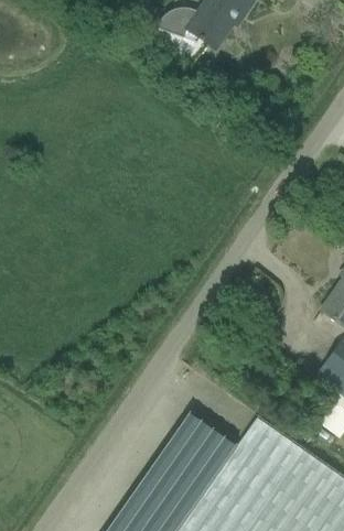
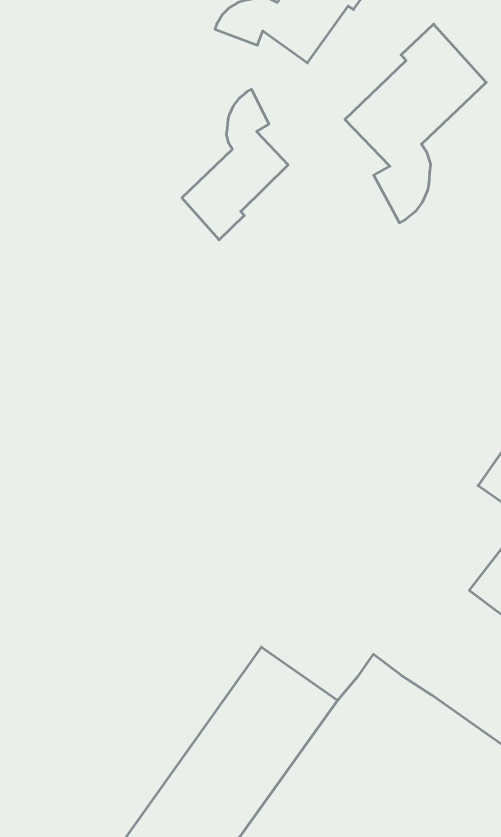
building: none -> [345,24,486,223]
building: none -> [182,89,288,240]

